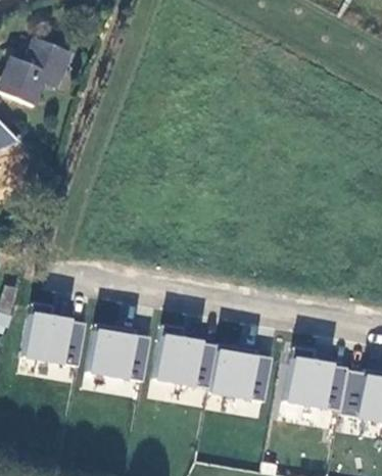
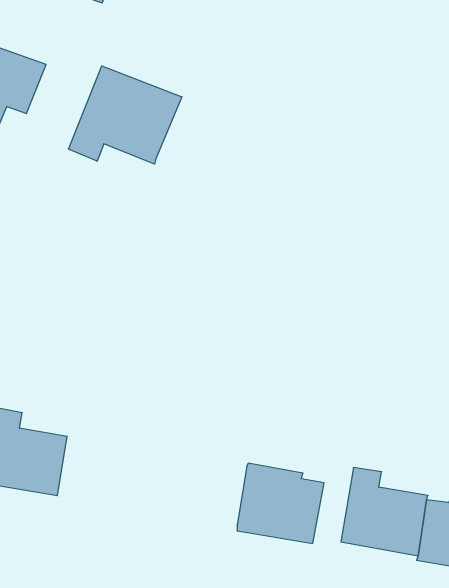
building: none -> [68,66,182,164]
building: [88,324,151,382] -> none
building: [154,324,217,388] -> none

